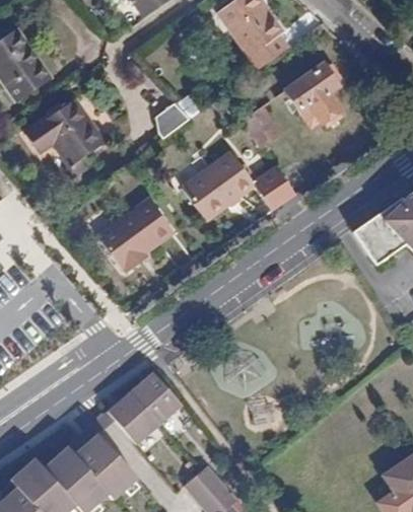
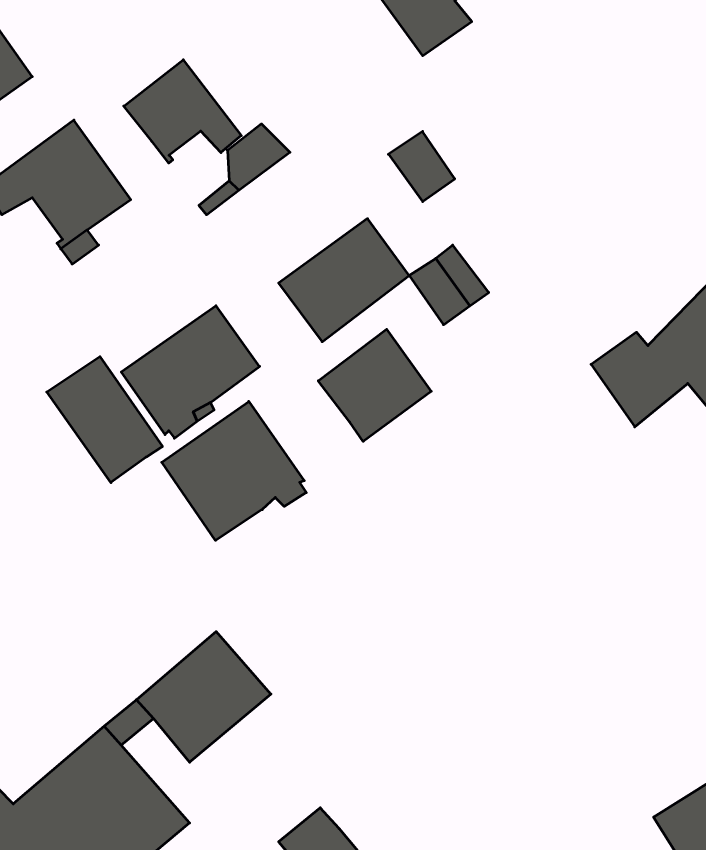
building: [285,64,340,126] -> none
building: none -> [124,60,241,163]
building: none -> [318,329,431,441]
building: none -> [47,357,162,483]
building: none -> [162,401,306,540]

